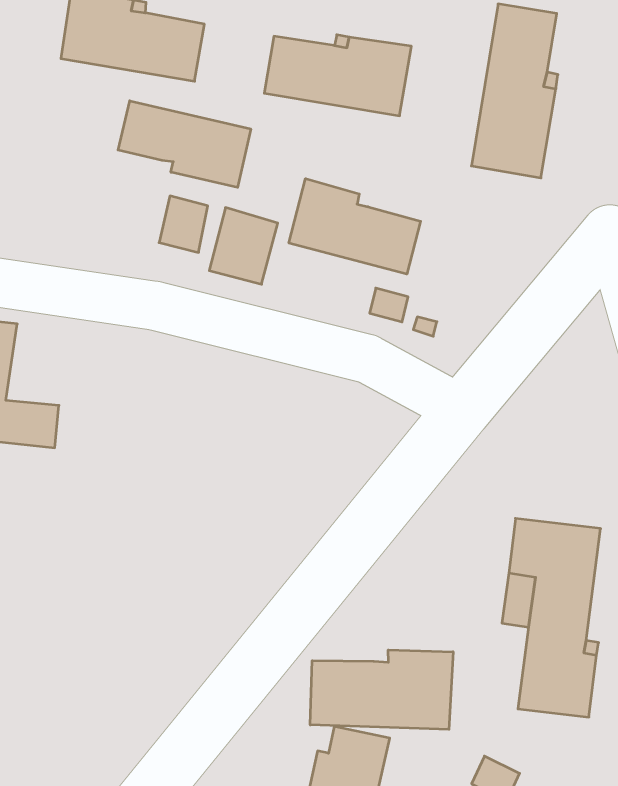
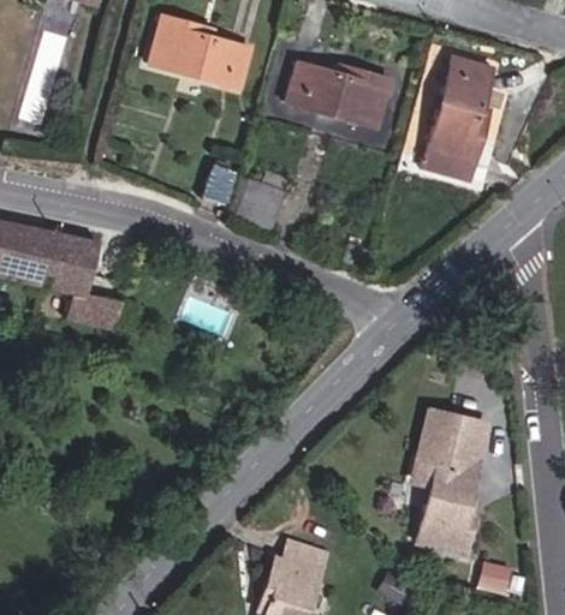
building: [118,101,251,187] -> none
building: [289,179,421,274] -> none
building: [310,650,453,729] -> none

